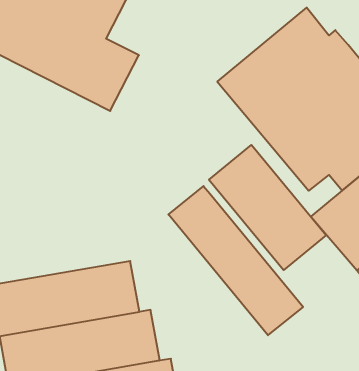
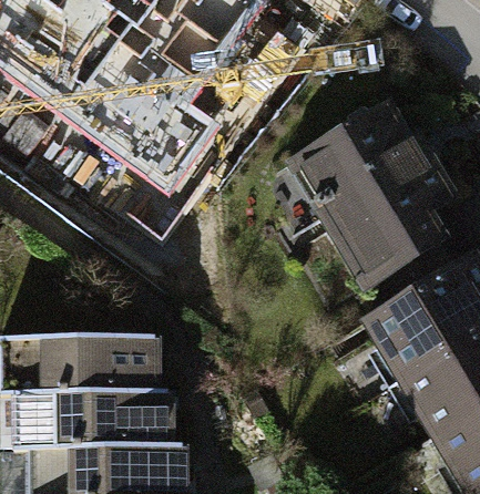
building: [209,145,326,270] -> none
building: [168,186,303,335] -> none

